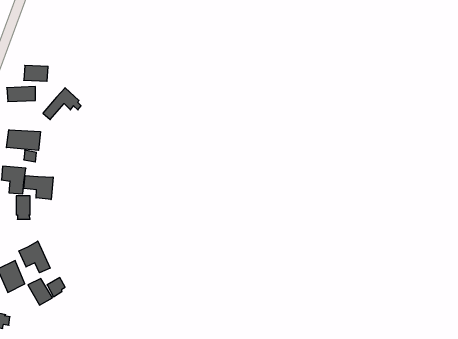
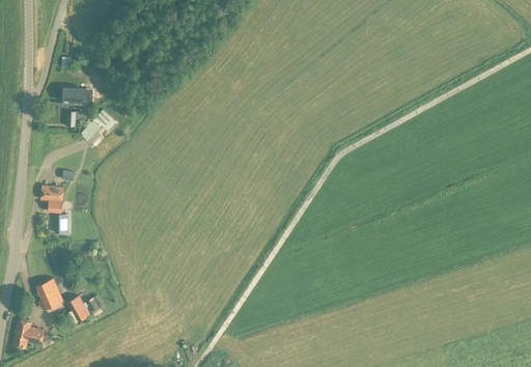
building: [6,130,40,150] -> none
building: [24,175,53,200] -> none
building: [19,241,50,273] -> none

